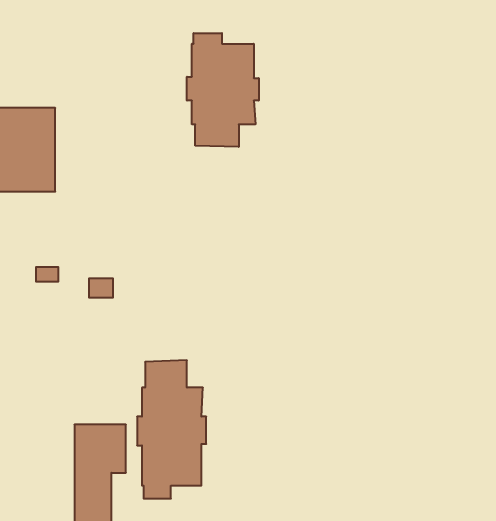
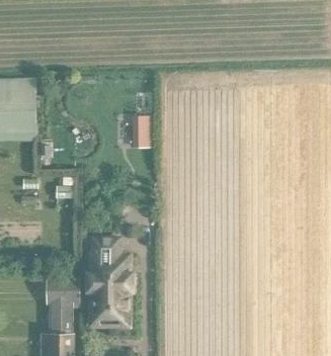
building: [187,33,259,147] -> none
building: none -> [134,114,152,146]

